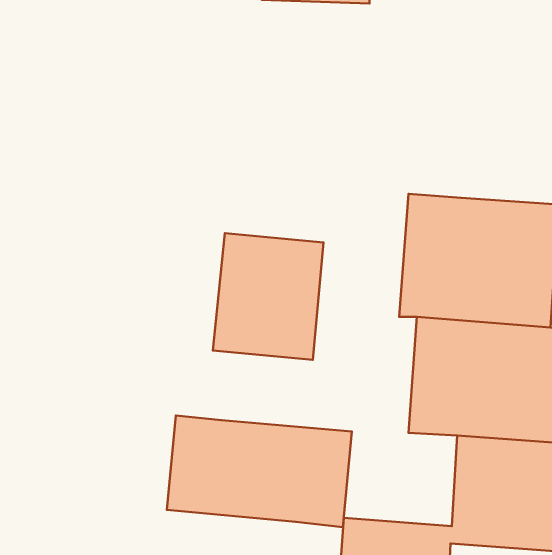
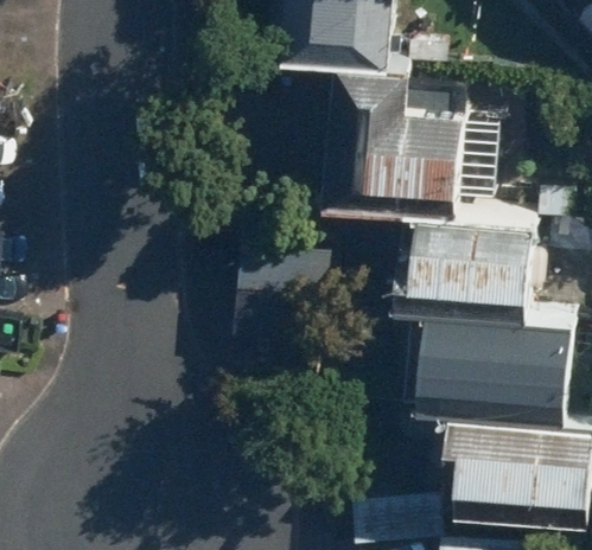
building: none -> [322,70,464,213]
building: [167,415,352,527] -> none

